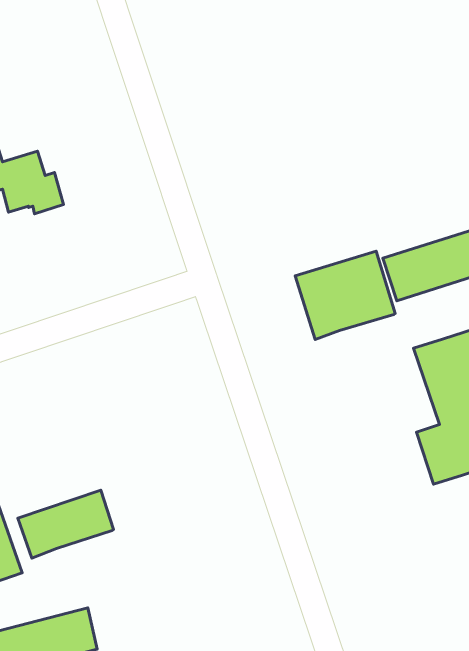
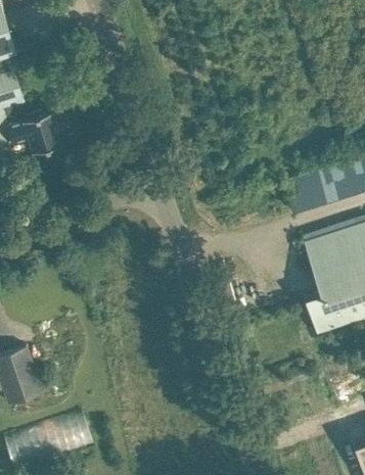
building: [295,251,395,340] -> none
building: [18,490,114,558] -> none

